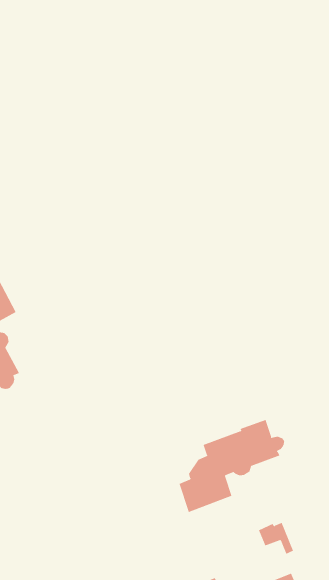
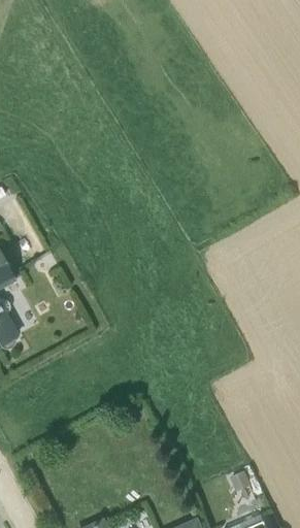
building: [179,419,285,513] -> none

